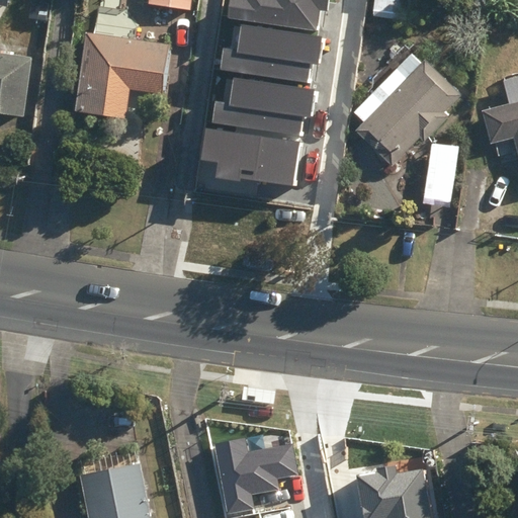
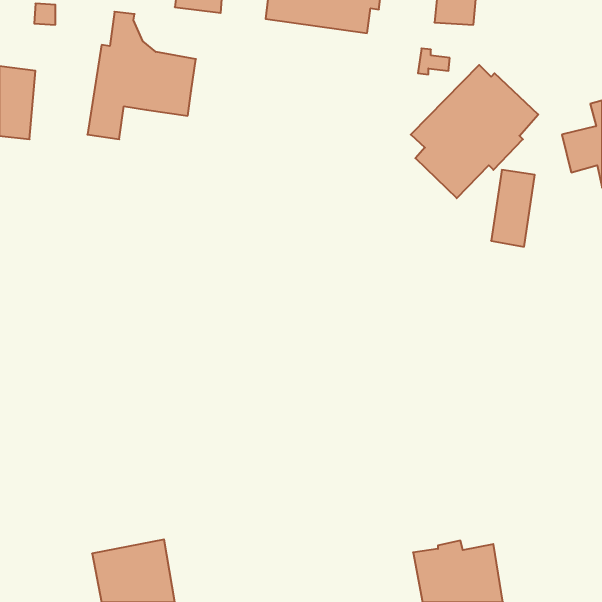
building: [220,23,321,81] -> none
building: [210,77,312,134] -> none
building: [200,127,298,184] -> none
building: [214,437,296,512] -> none

